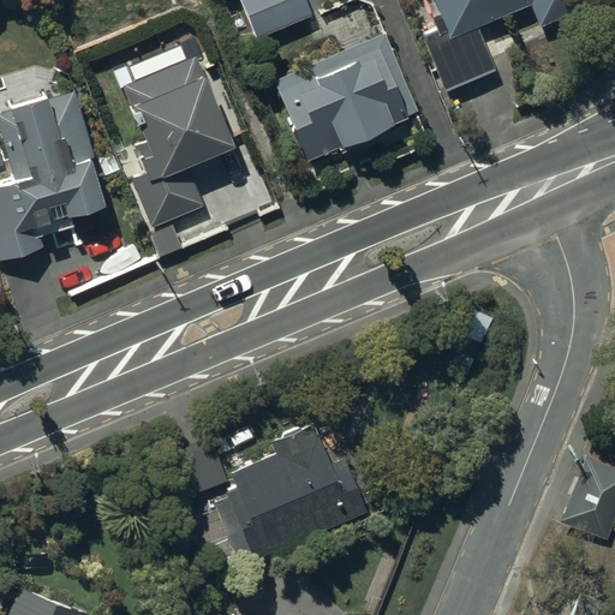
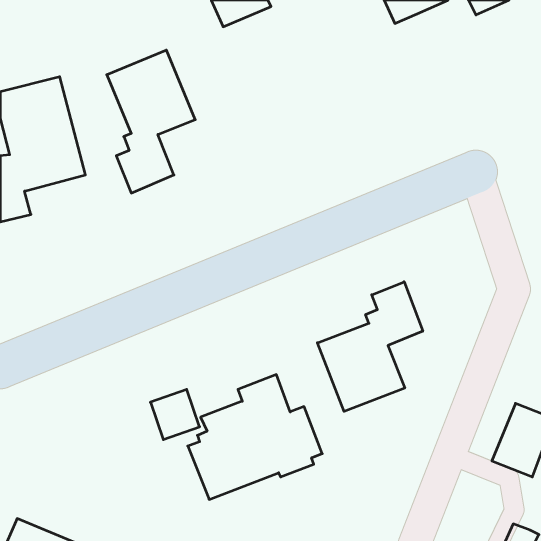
building: [425,20,494,88] -> none
building: [275,34,417,157] -> none
building: none -> [317,282,423,411]

